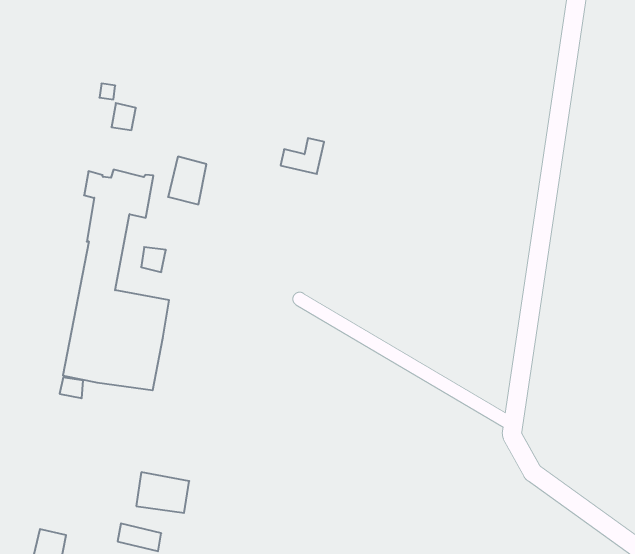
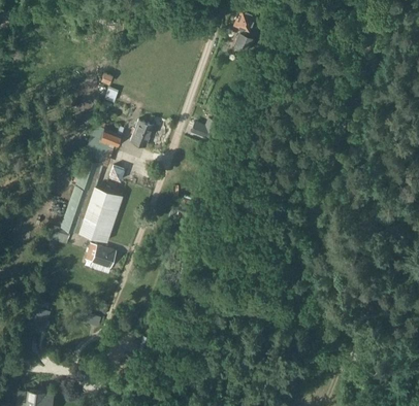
building: [136,472,189,513] -> [87,243,117,268]

